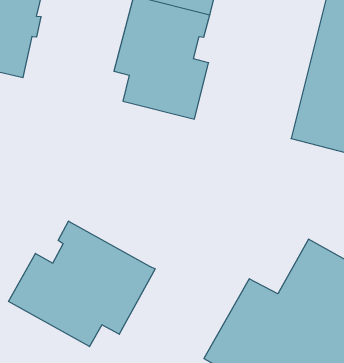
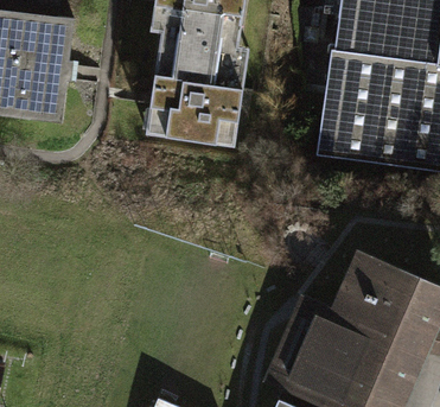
building: [9,221,155,347] -> none

